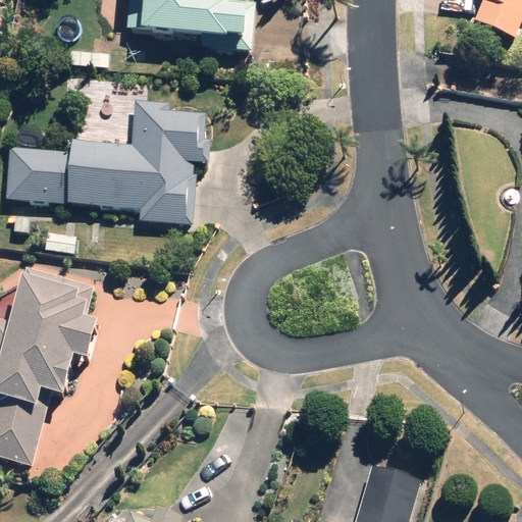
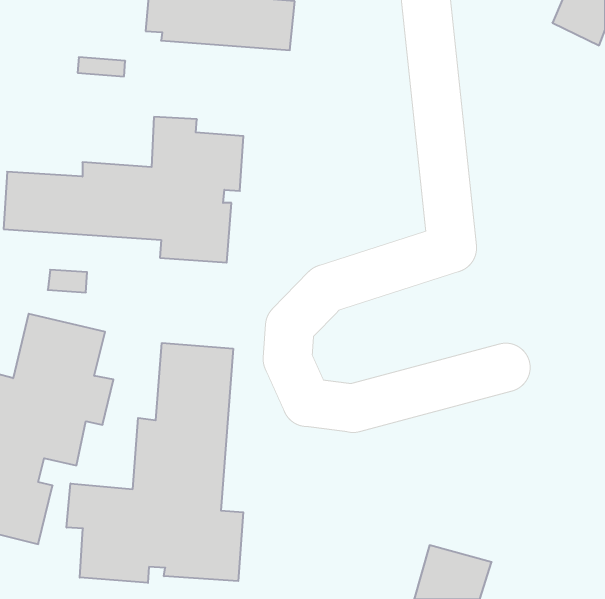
building: none -> [67,343,243,583]

